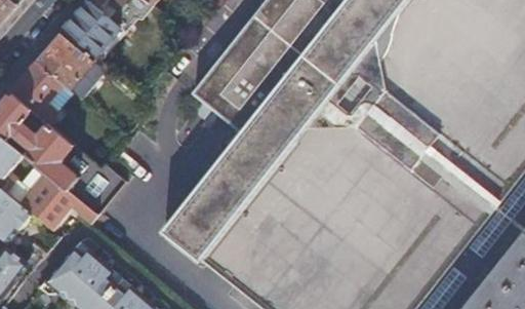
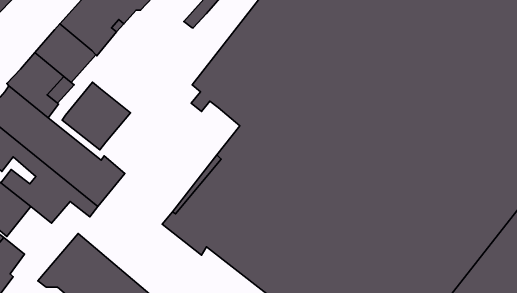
building: none -> [62,82,131,150]

